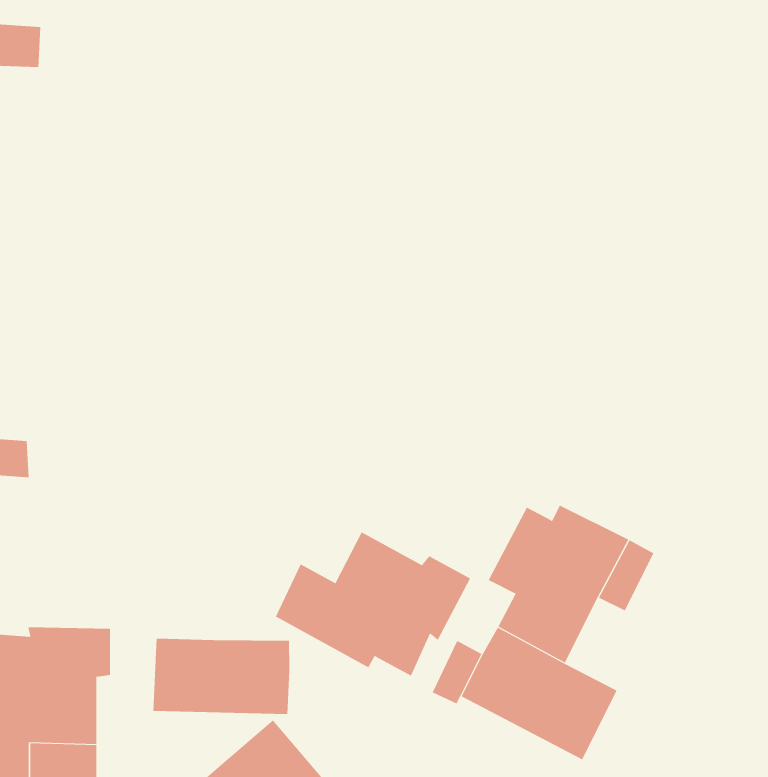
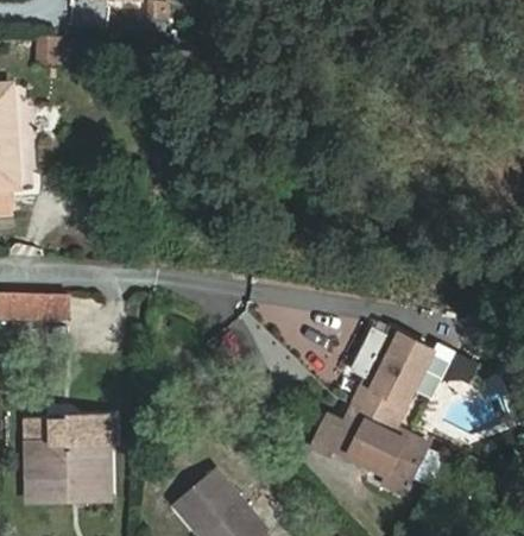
building: [275,531,471,677] -> none
building: [153,638,290,715] -> none

